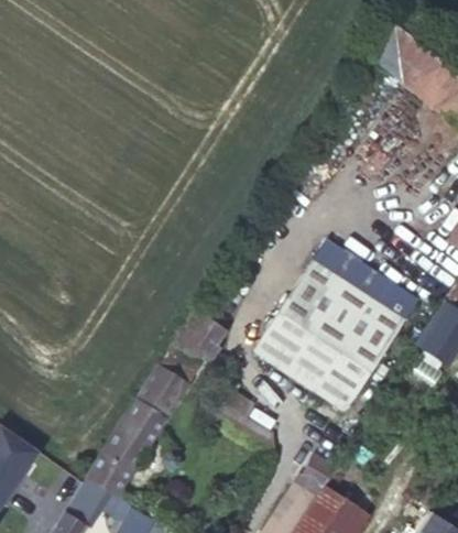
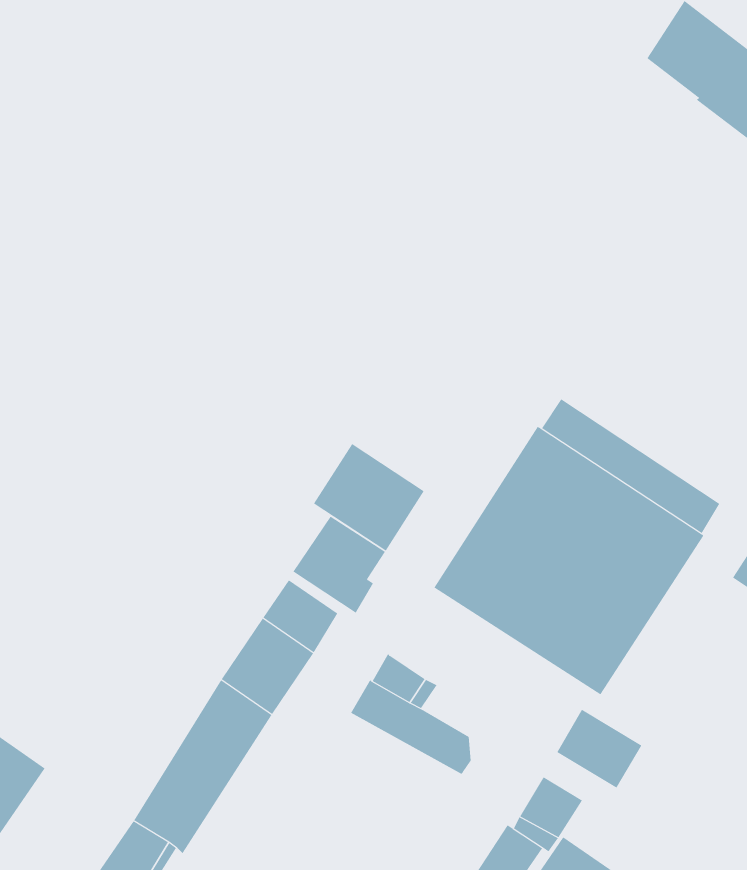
building: none -> [313,443,425,552]
building: none -> [556,709,642,789]

